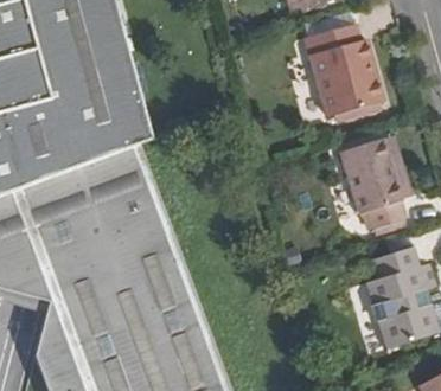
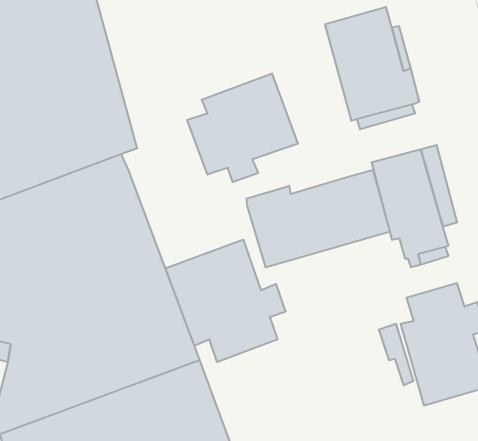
building: none -> [187,73,298,182]
building: none -> [246,170,390,268]
building: none -> [165,240,286,362]

